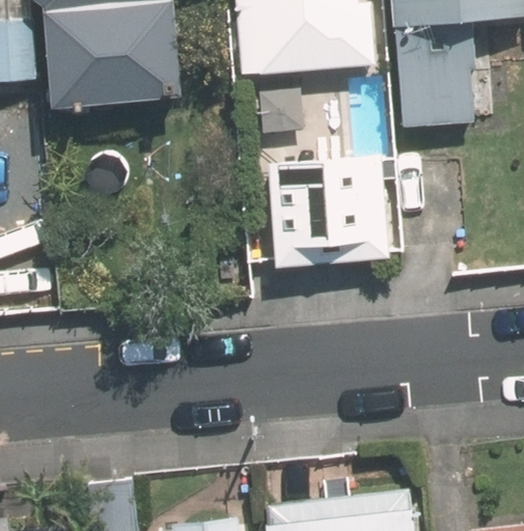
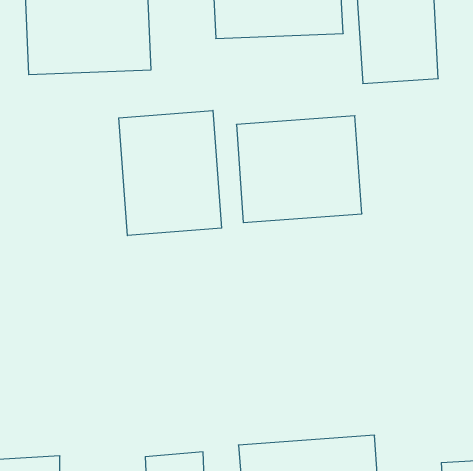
building: none -> [119,110,222,236]

